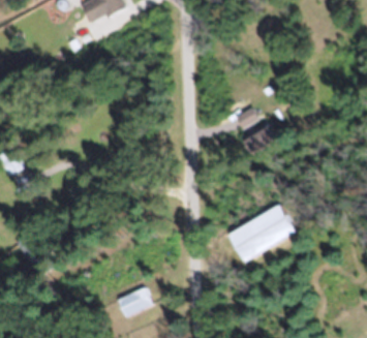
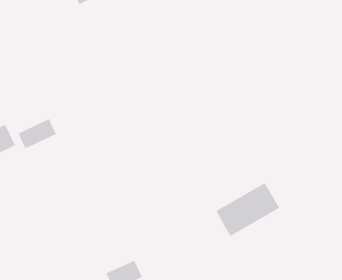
building: [234,105,276,153] -> none
building: none -> [18,118,57,149]

